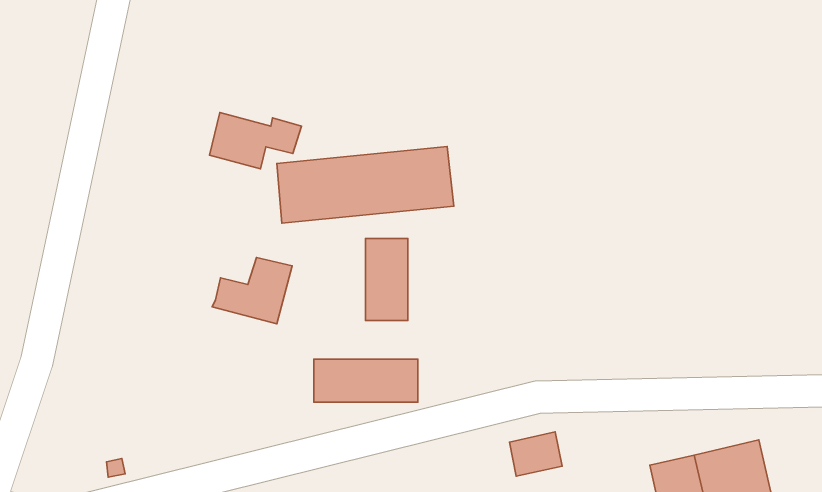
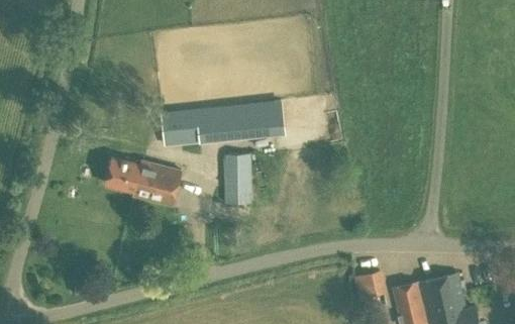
building: [209,113,301,169] -> [105,157,160,191]
building: [314,359,418,402] -> none
building: [509,432,562,476] -> [353,272,385,298]

